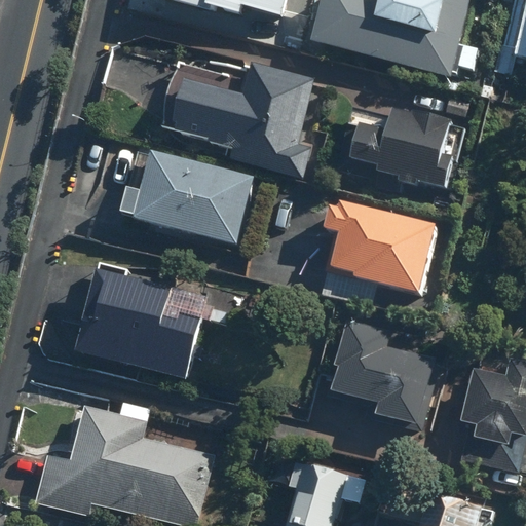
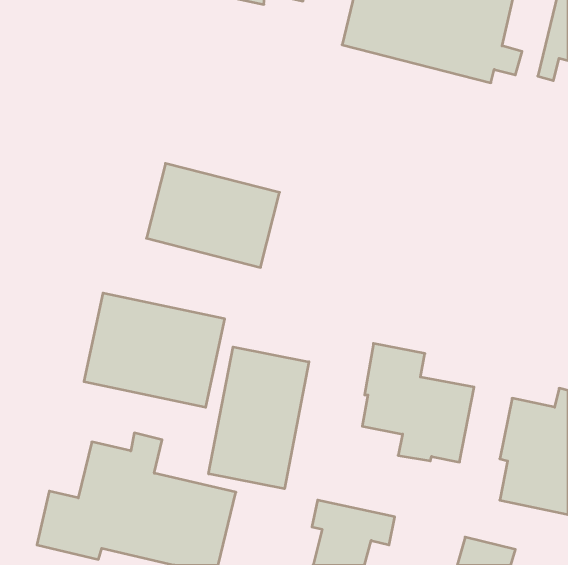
building: [174,61,315,179] -> none
building: [334,106,455,190] -> none
building: [326,201,439,294] -> none
building: none -> [209,347,309,489]

